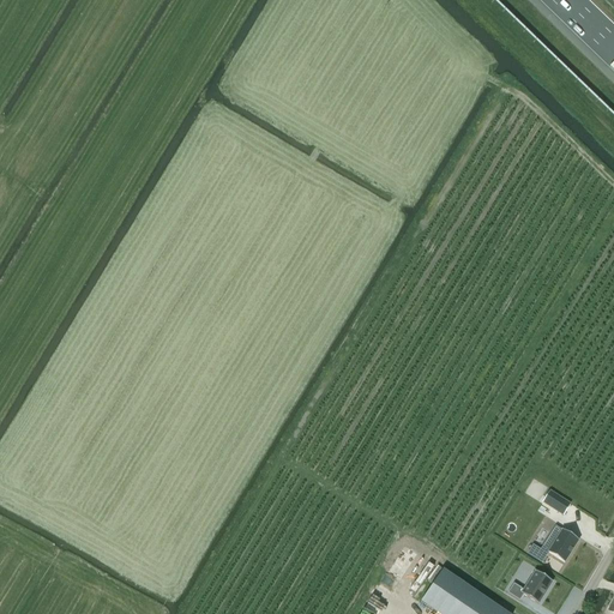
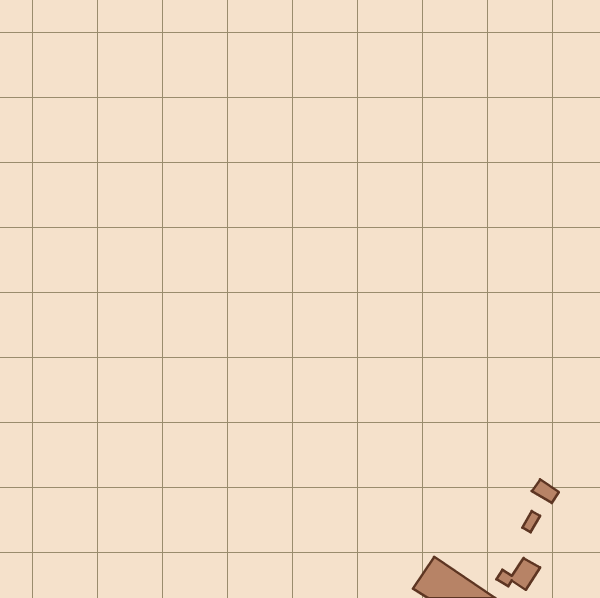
building: [528,528,579,561] -> none

